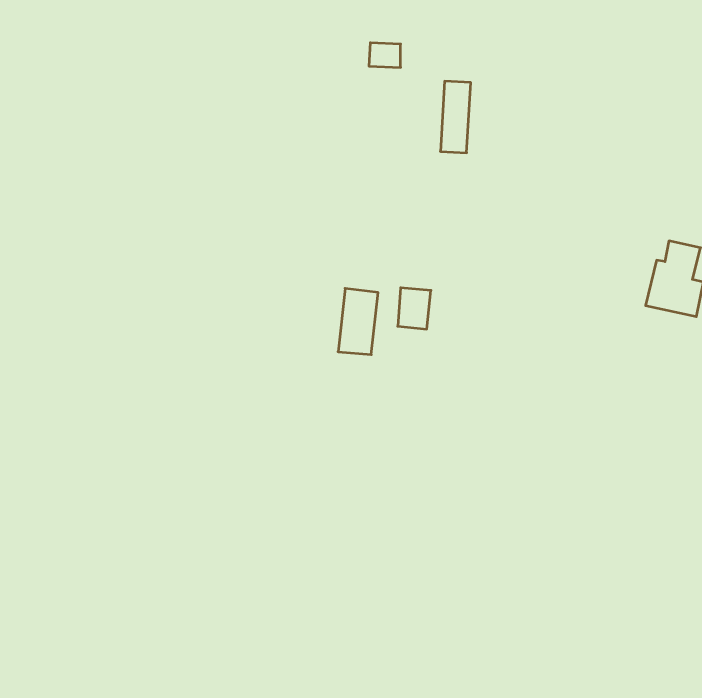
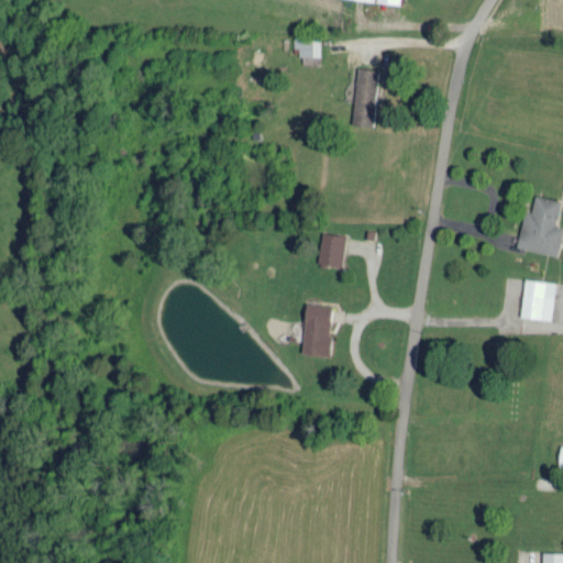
building: [338,288,378,355] -> [301,303,333,356]
building: none -> [521,280,556,321]

